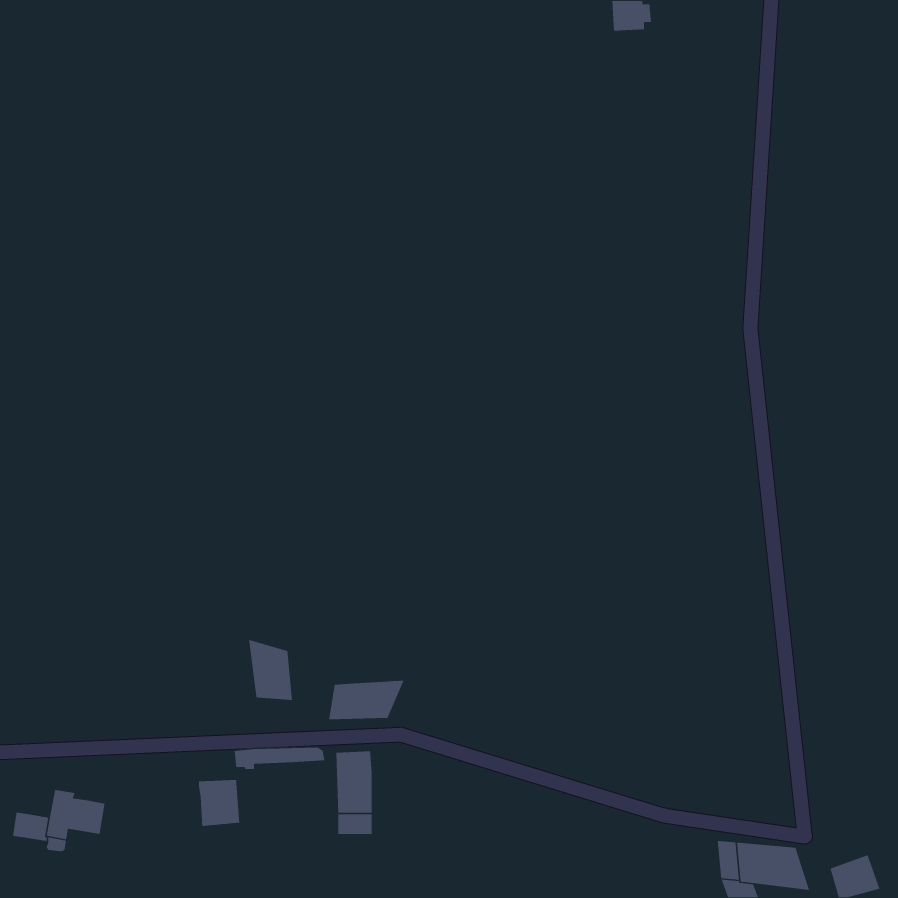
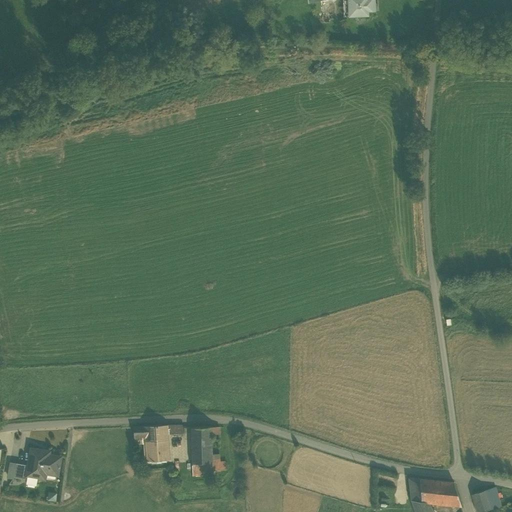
building: [248,639,293,701] -> none
building: [328,680,405,720] -> none
building: [198,779,240,827] -> [145,434,169,461]

